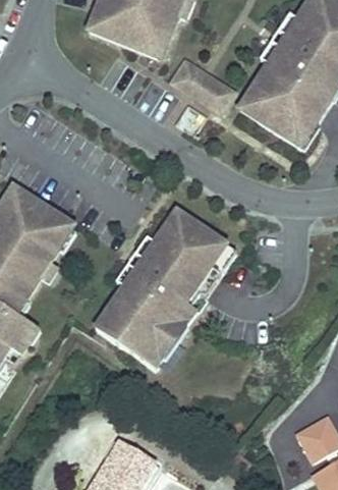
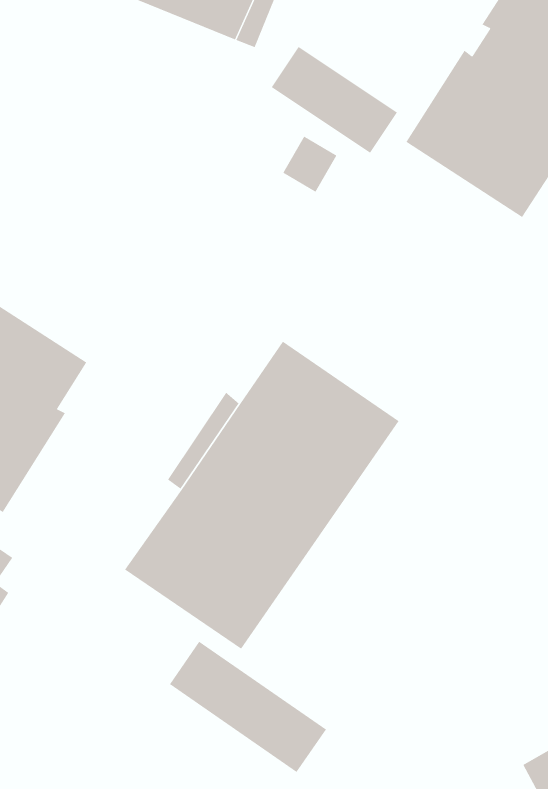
building: none -> [169,641,327,773]

